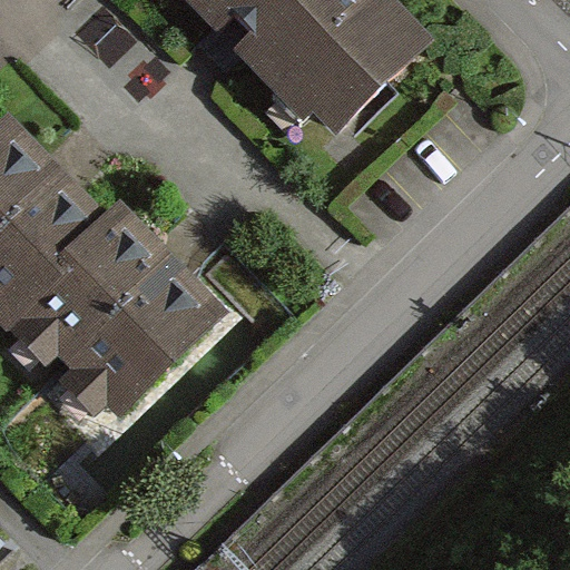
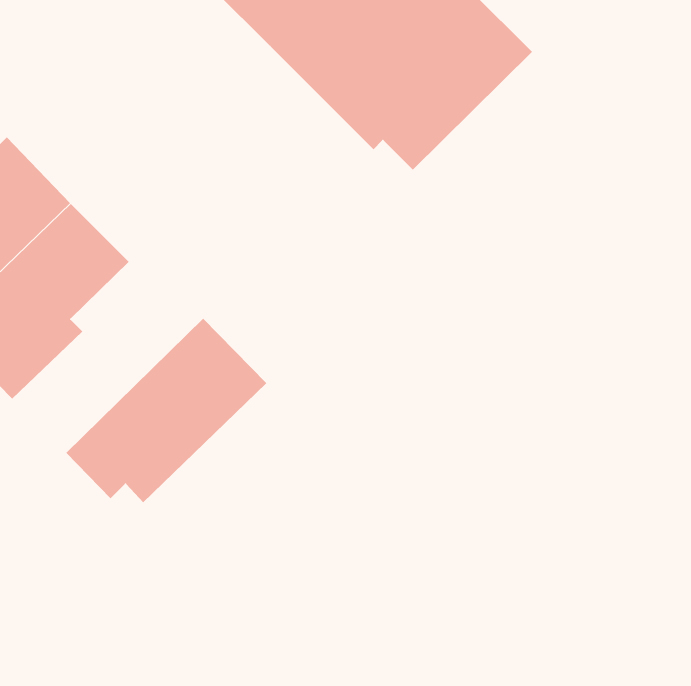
building: [10,206,166,370] -> none

